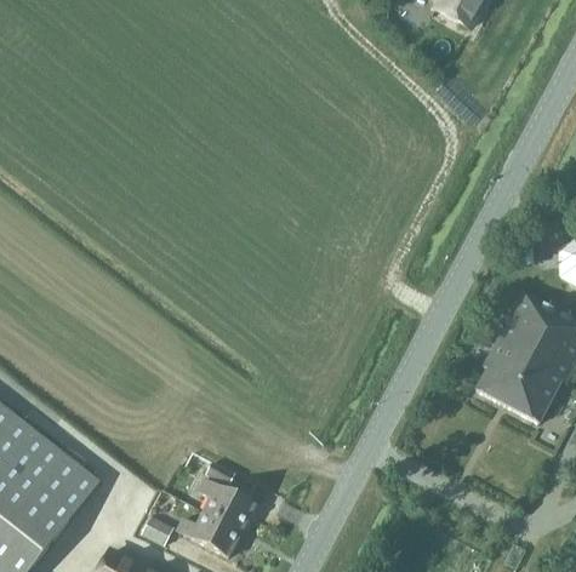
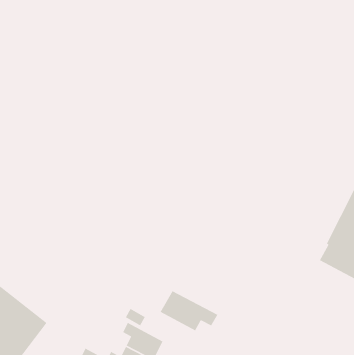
building: none -> [159,290,218,331]

